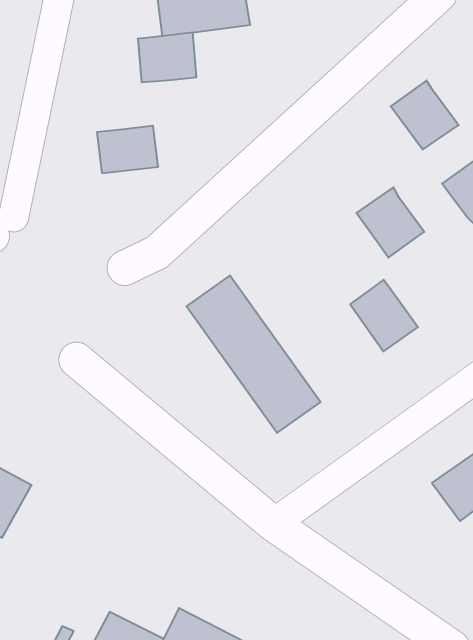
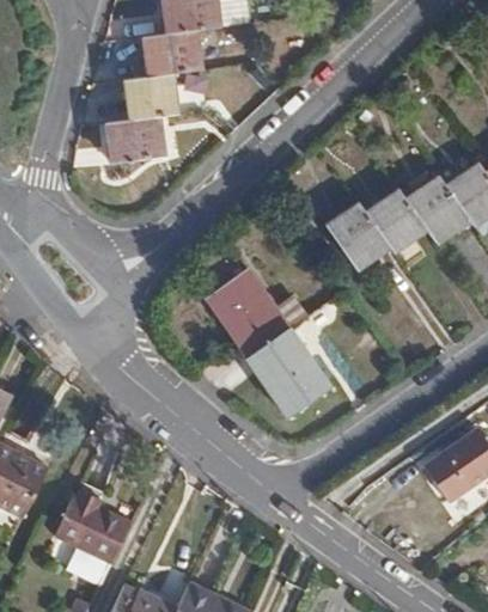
building: none -> [134,86,188,133]
building: [391,80,459,150] -> [397,173,460,238]
building: [350,280,418,351] -> [318,201,382,268]
building: none -> [57,486,132,582]

